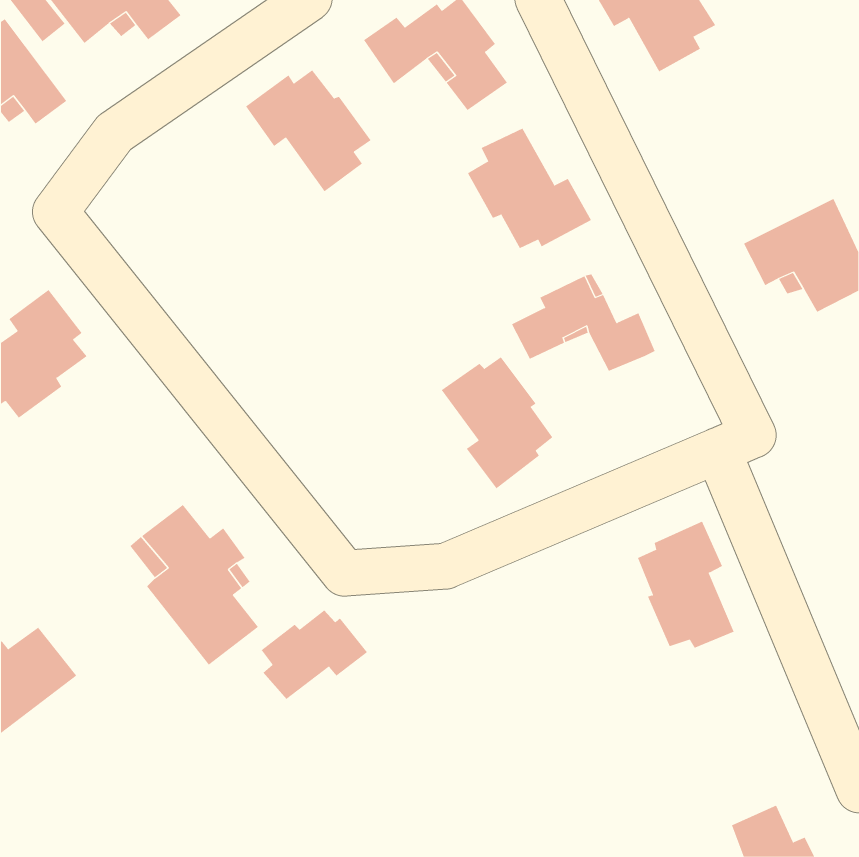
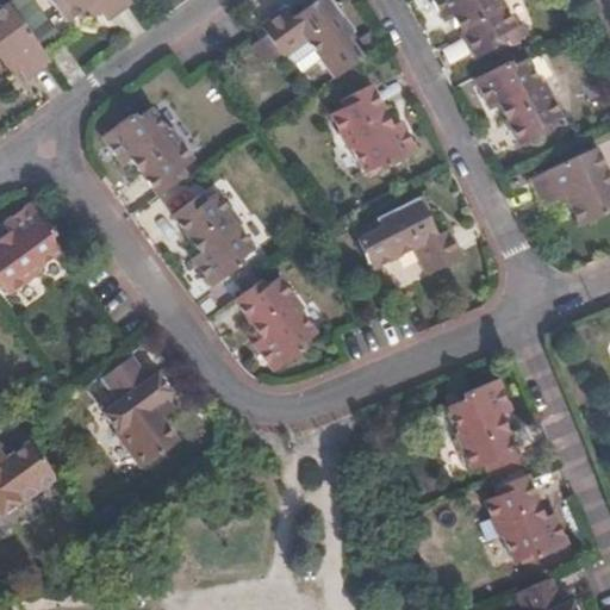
building: [245,69,371,192] -> [104,111,193,198]
building: none -> [469,56,554,142]
building: none -> [174,198,255,292]
building: [441,357,553,489] -> [236,275,316,369]
building: [261,610,368,700] -> none
building: none -> [488,466,571,553]

